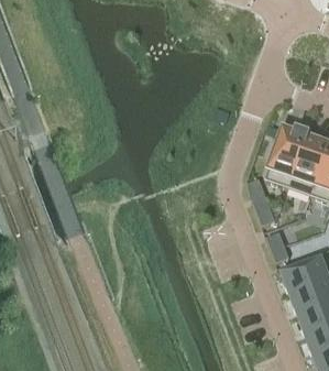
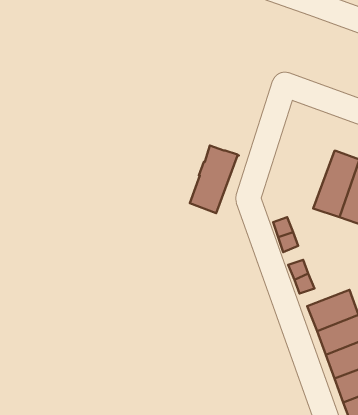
building: [265,126,308,185] -> [190,146,239,213]

